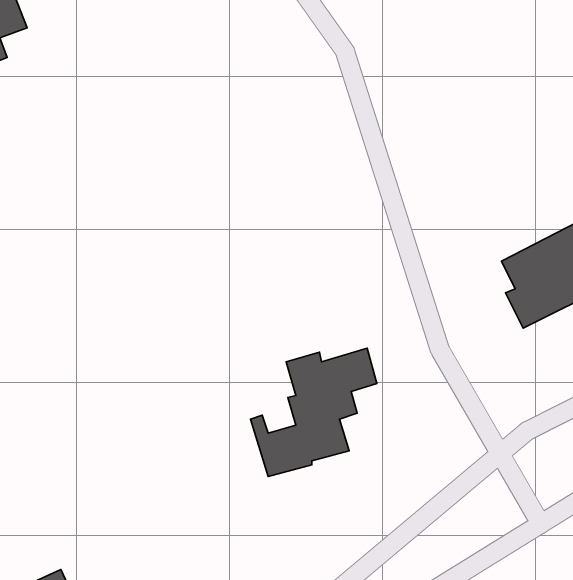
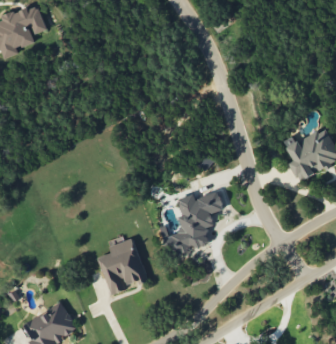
building: none -> [99,238,147,294]

